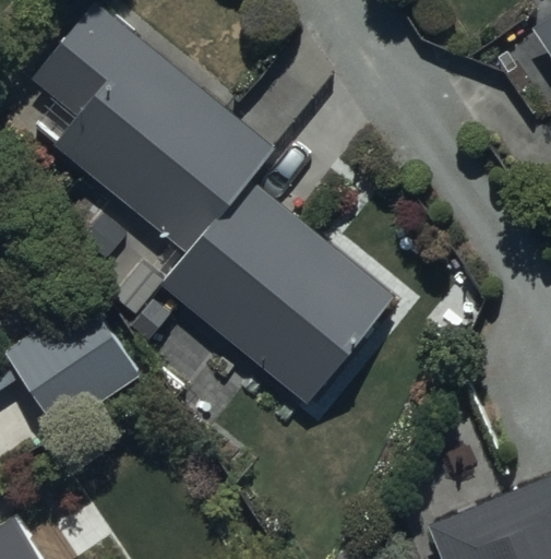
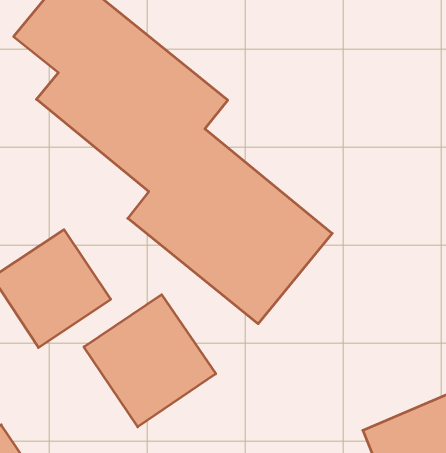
building: none -> [84,295,216,427]

